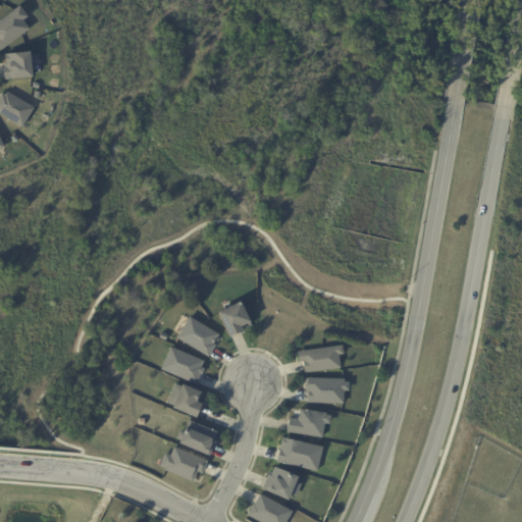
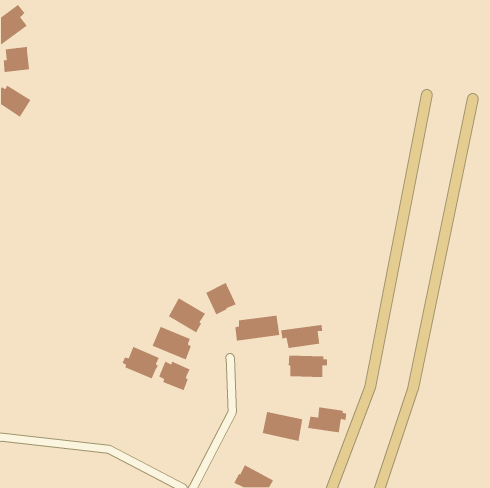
building: none -> [234,315,280,341]
building: [288,408,330,436] -> [307,406,347,433]
building: [176,419,217,455] -> [121,346,160,379]
building: [160,447,206,480] -> none
building: [262,466,302,500] -> none

